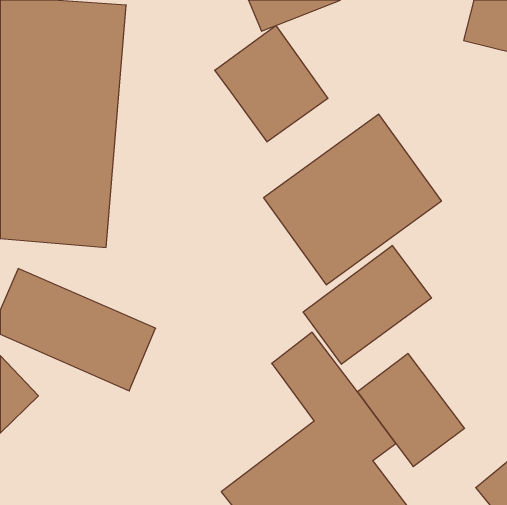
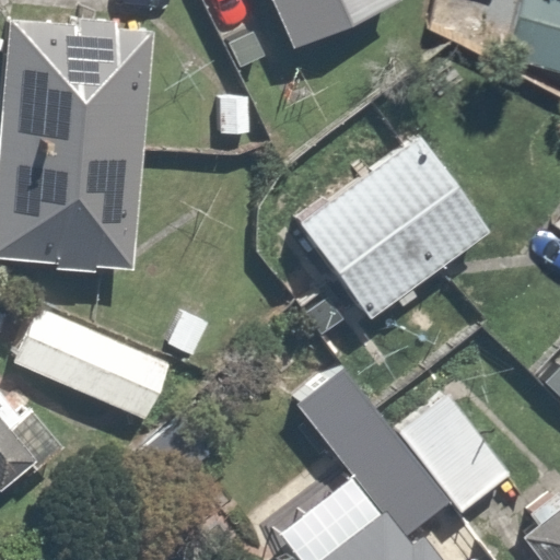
building: [215,26,328,142] -> none
building: [303,245,431,364] -> none

